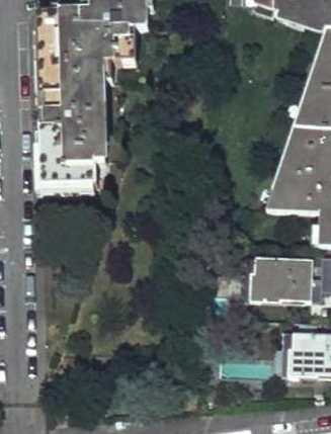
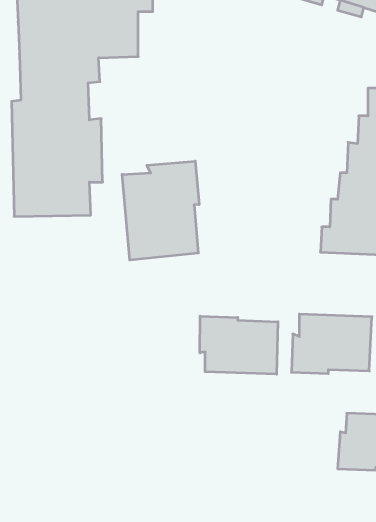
building: none -> [122,161,199,260]
building: none -> [200,316,278,374]

